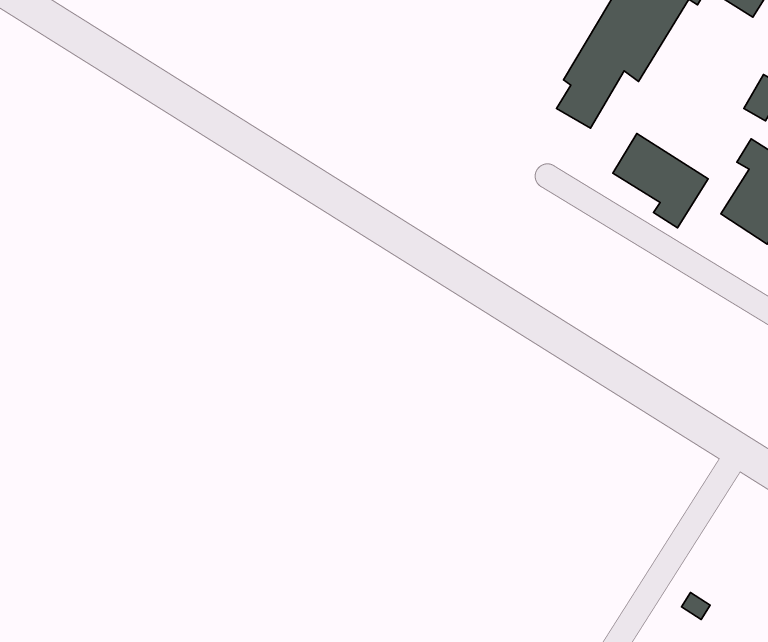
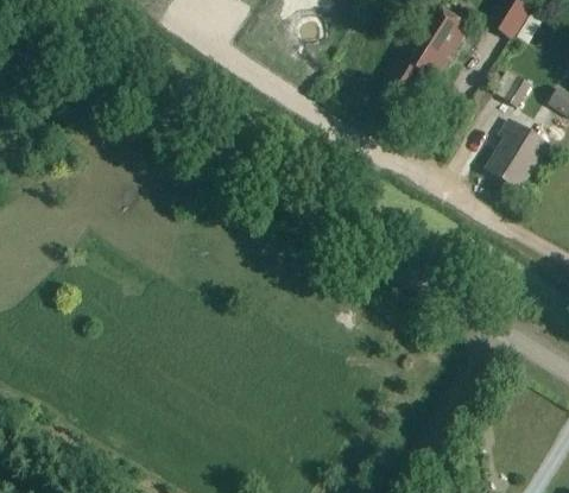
building: [613,134,708,228] -> none

